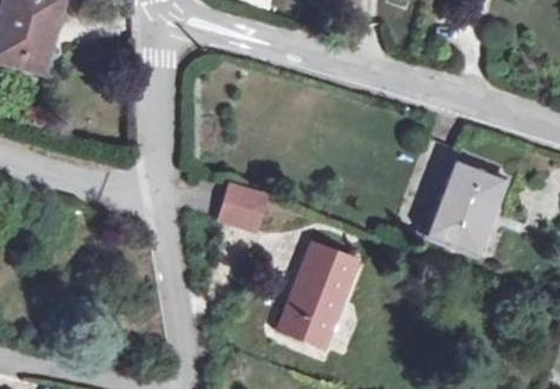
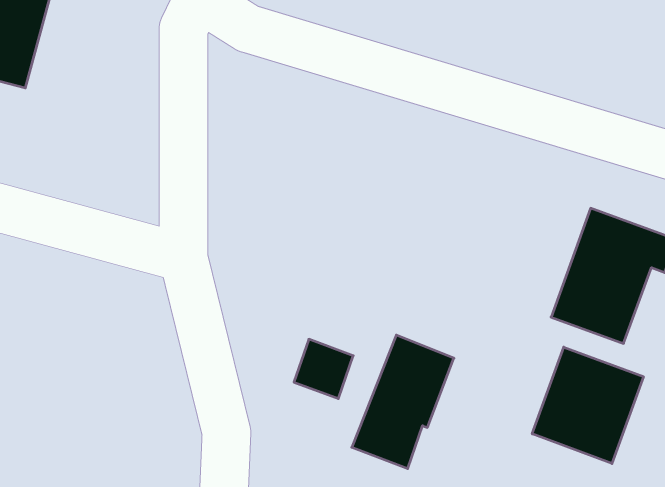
building: [219,190,262,233] -> [294,339,353,399]
building: none -> [532,347,643,464]

